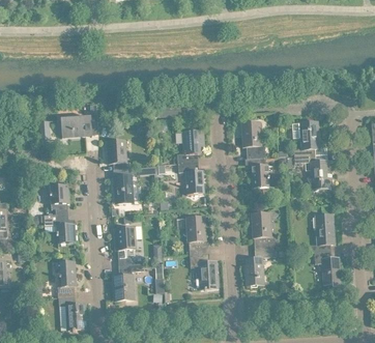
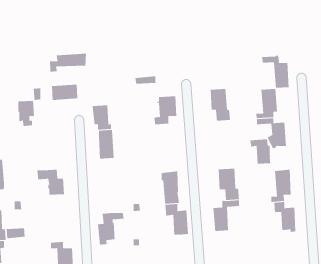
building: none -> [50,53,86,72]
building: none -> [262,55,289,89]
building: [243,158,268,187] -> [250,139,271,164]
building: [177,162,203,194] -> none
building: [49,184,68,215] -> [17,100,35,127]
building: [113,227,135,264] -> none
building: [53,261,75,297] -> none

